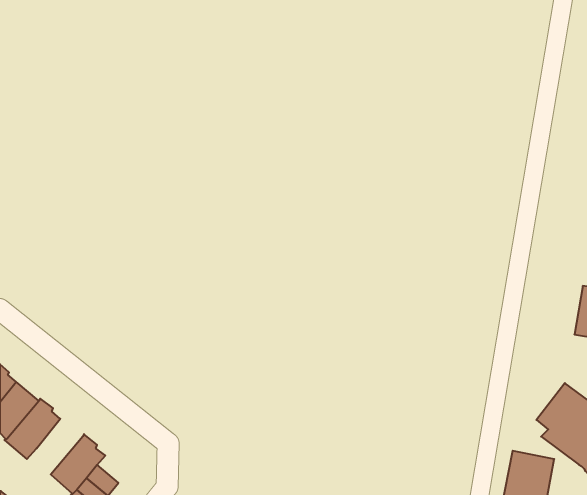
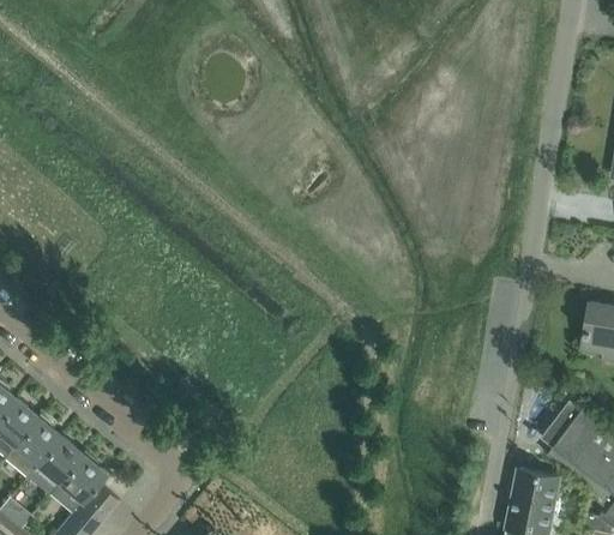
building: none -> [28,437,84,495]

